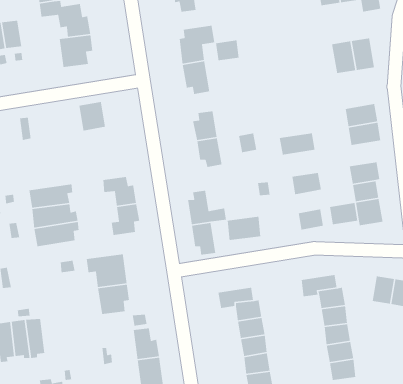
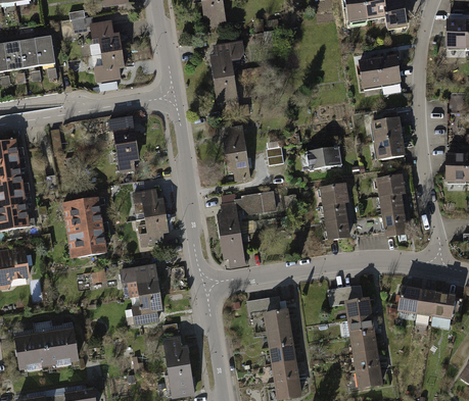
building: [215,40,240,61] -> none
building: none -> [114,141,140,172]
building: none -> [322,203,347,224]
building: [227,216,261,241] -> [242,191,276,215]

